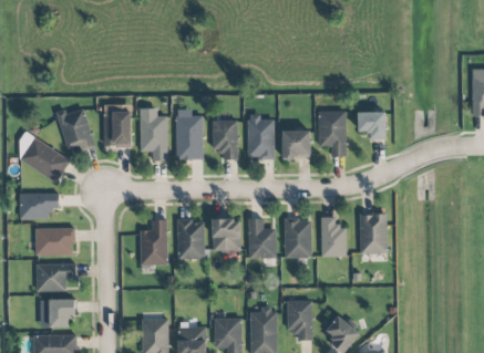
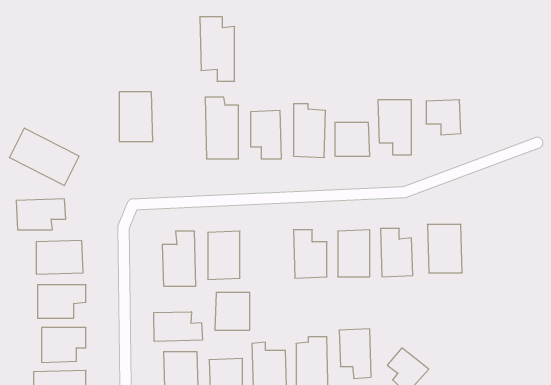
building: [55,107,95,149] -> none
building: [138,107,167,160] -> [200,17,235,81]
building: [212,219,240,250] -> [215,292,250,330]
building: none -> [154,312,202,341]

